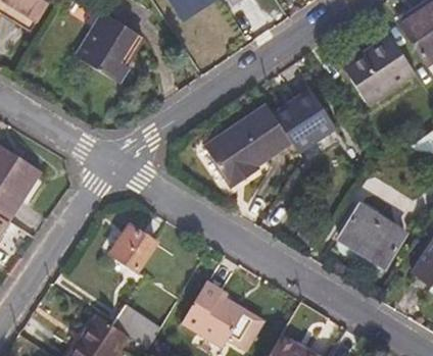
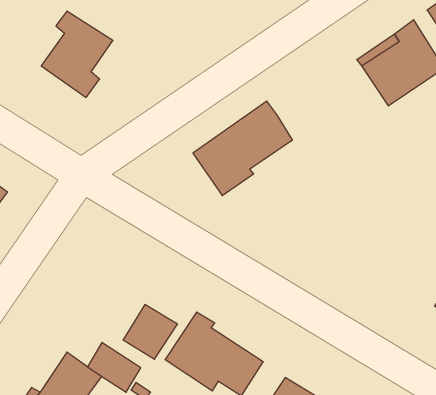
building: [275,90,335,150] -> none
building: [331,205,403,276] -> none
building: [109,223,155,269] -> [123,305,178,359]

